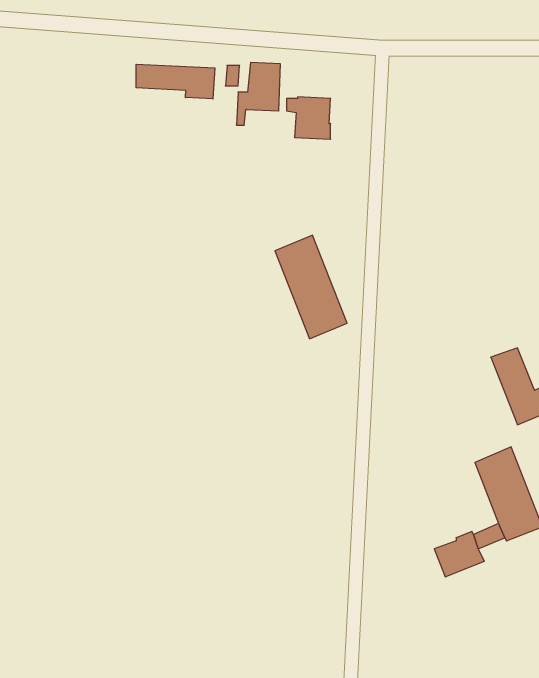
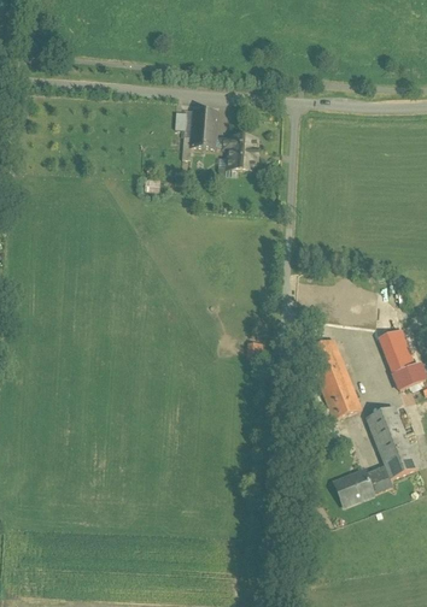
building: [136,64,215,99] -> none
building: [275,235,347,339] -> [306,340,362,419]

